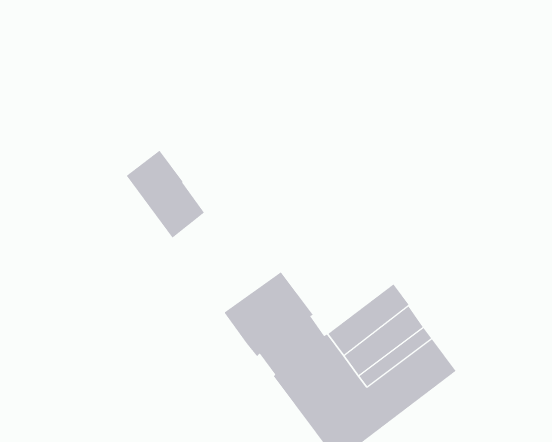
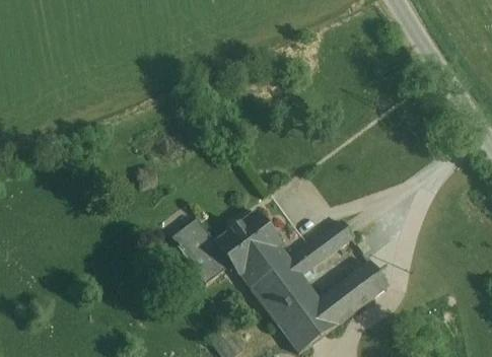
building: [126,150,205,238] -> [171,219,230,285]

